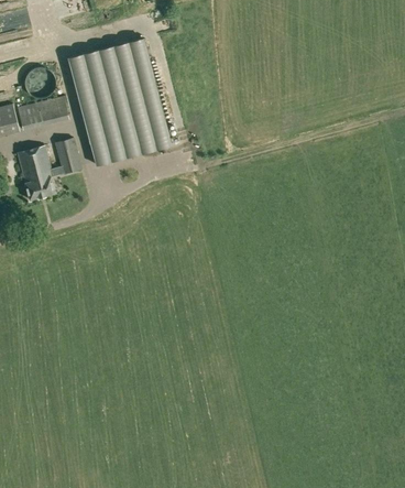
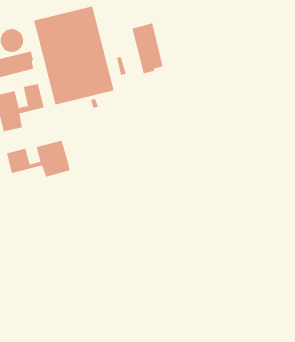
building: none -> [132,23,163,74]
building: none -> [6,140,70,178]

